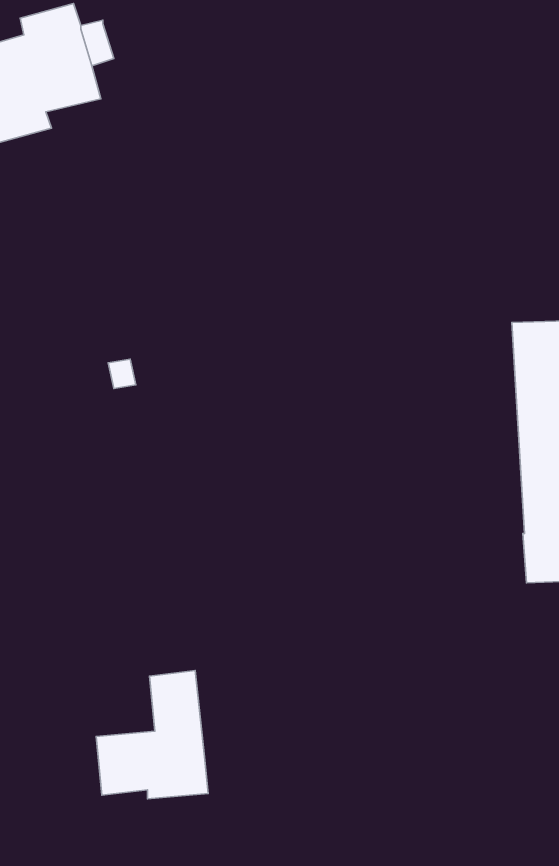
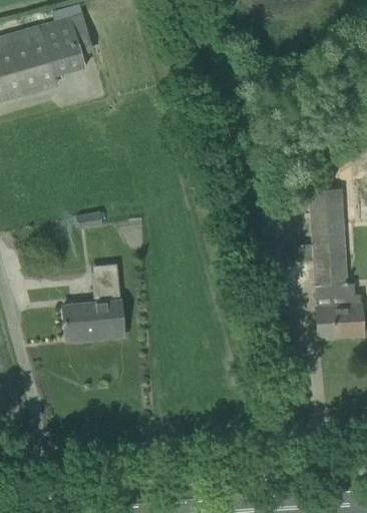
building: [96,671,208,799] -> [63,269,124,339]

